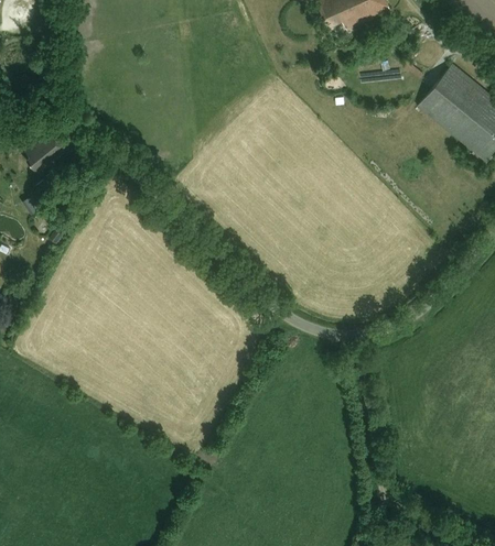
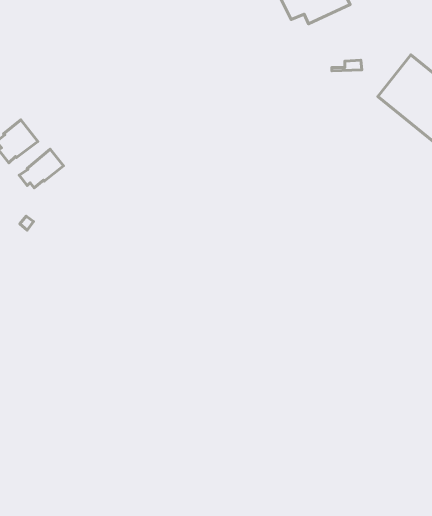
building: none -> [19,149,64,188]

